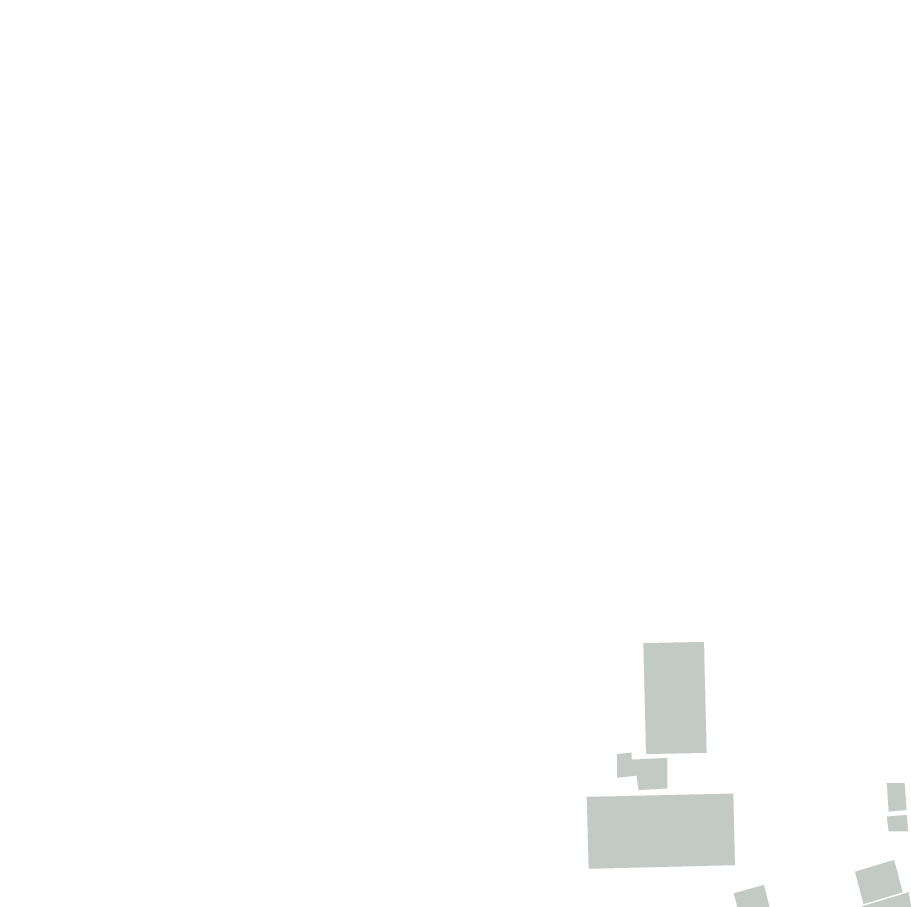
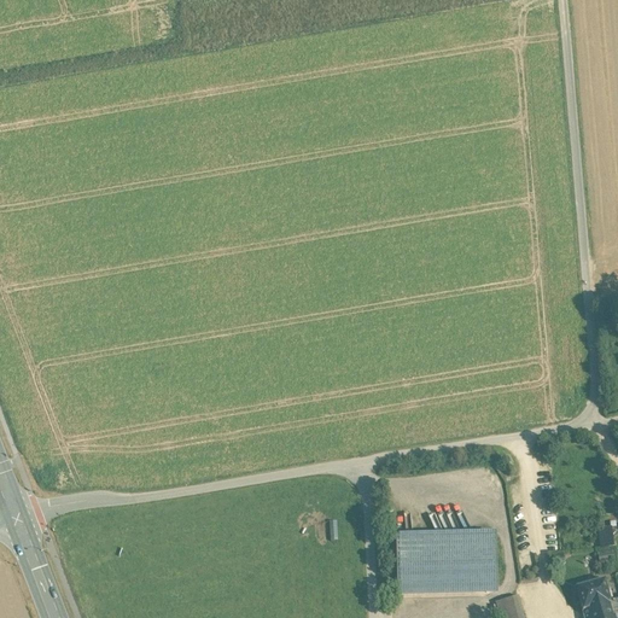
building: [642,641,708,755] -> none

